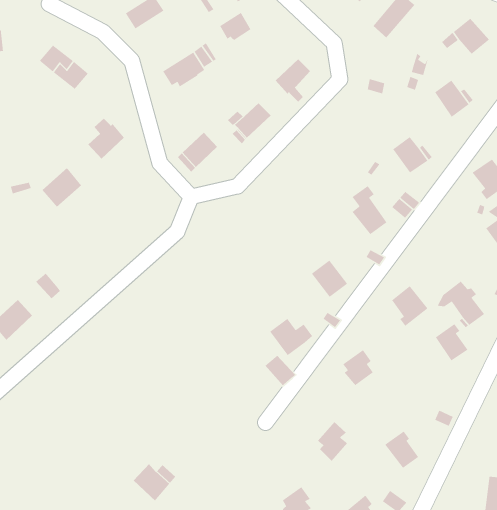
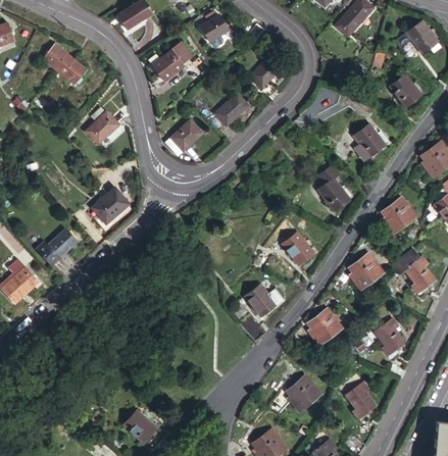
building: [42,167,82,208] -> [92,187,128,222]
building: none -> [383,198,416,235]
building: none -> [48,229,77,256]
building: [435,323,469,362] -> [375,318,404,352]

